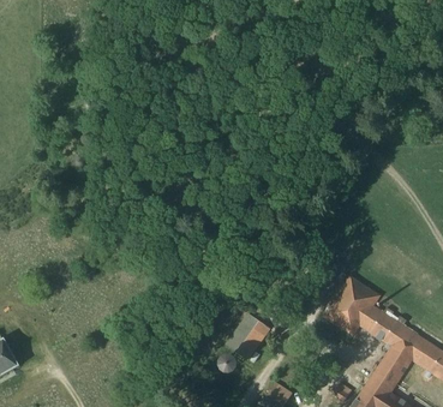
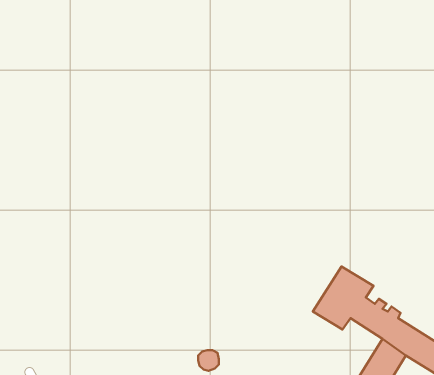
building: [227,313,269,359] -> none

